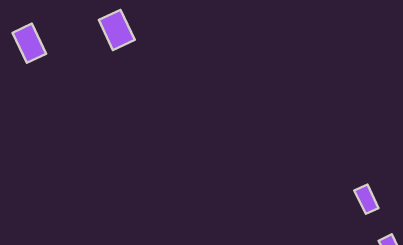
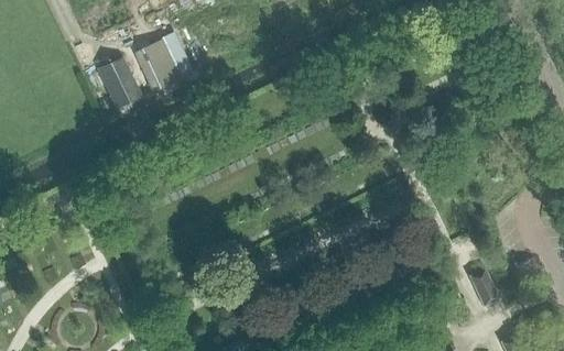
building: [13,23,46,63] -> [98,56,142,108]

